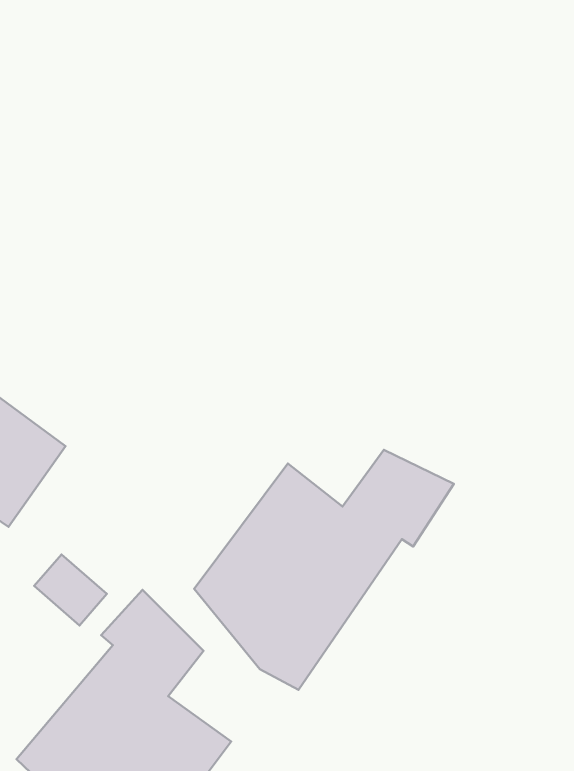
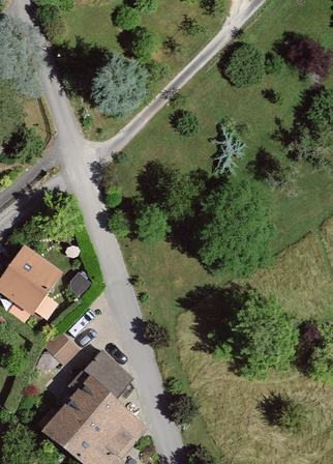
building: [194,450,454,690] -> none

